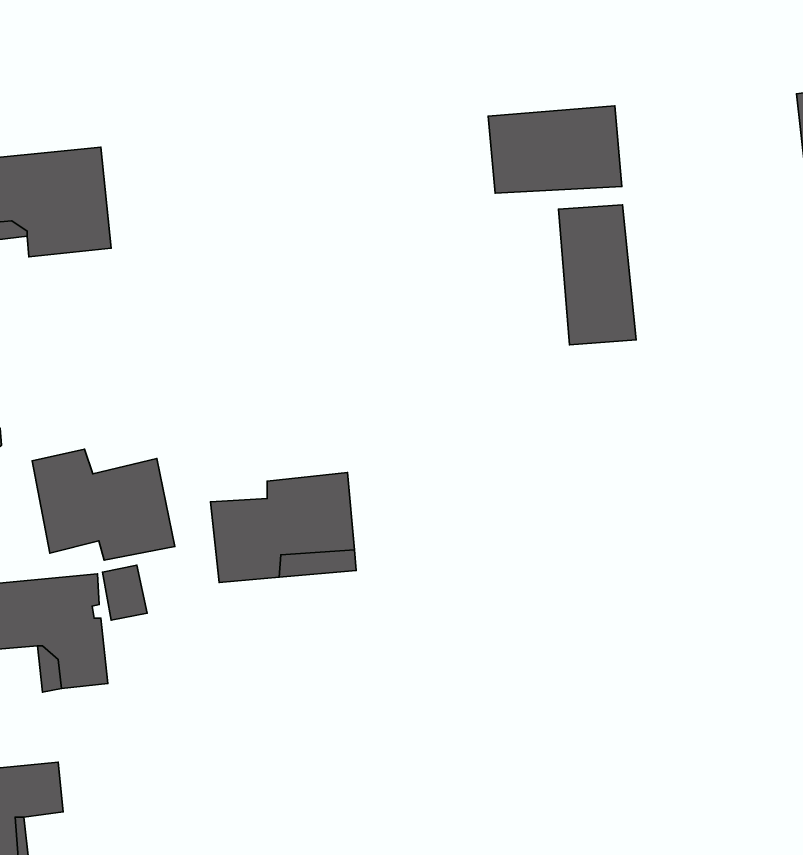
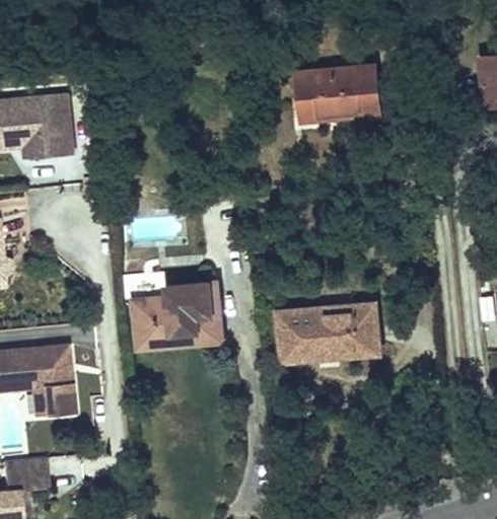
building: [559,205,636,345] -> none
building: [32,449,175,560] -> none
building: none -> [279,304,378,362]

